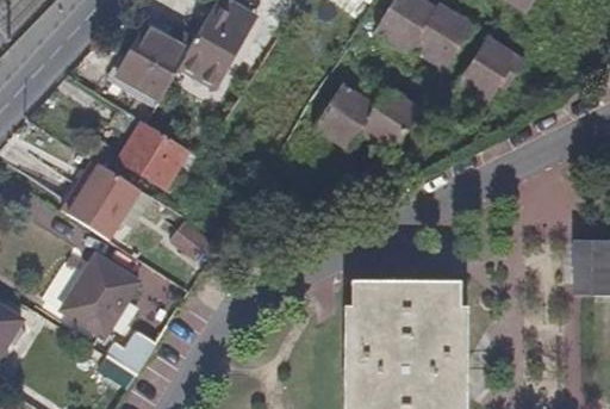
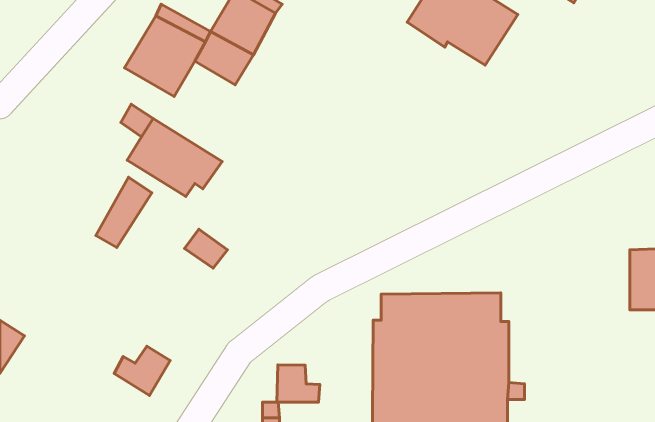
building: [456,36,525,104] -> none
building: [312,81,424,155] -> none
building: [61,157,119,228] -> none
building: [64,255,138,336] -> none
building: none -> [277,365,320,402]

